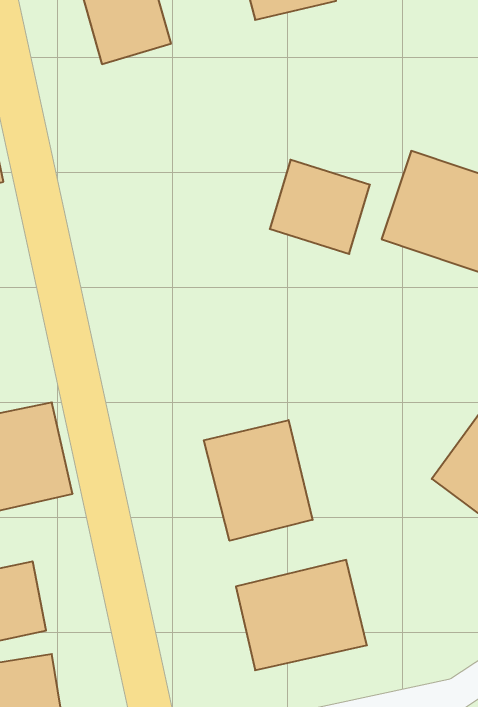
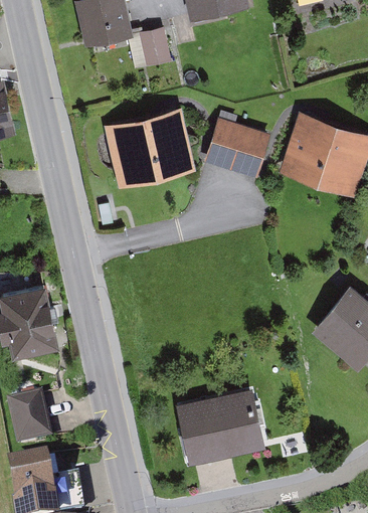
building: none -> [134,29,170,68]
building: none -> [101,106,193,185]
building: [204,420,313,541] -> none

